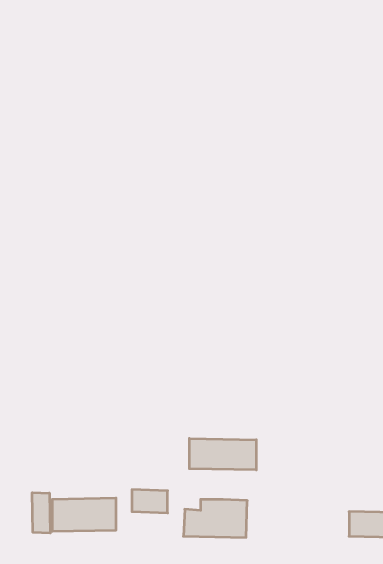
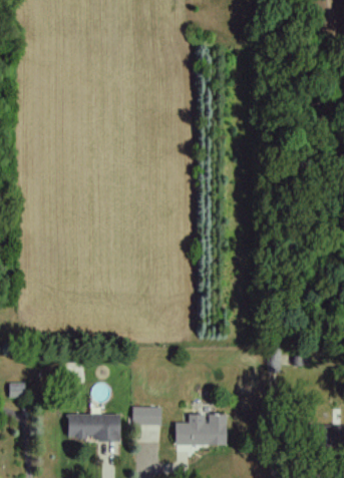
building: [189,438,256,470] -> none
building: [32,493,50,533] -> none

